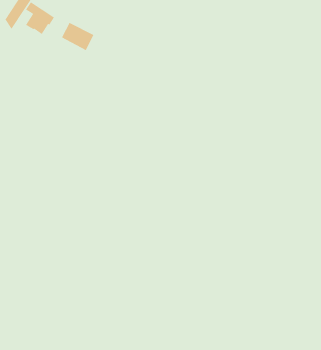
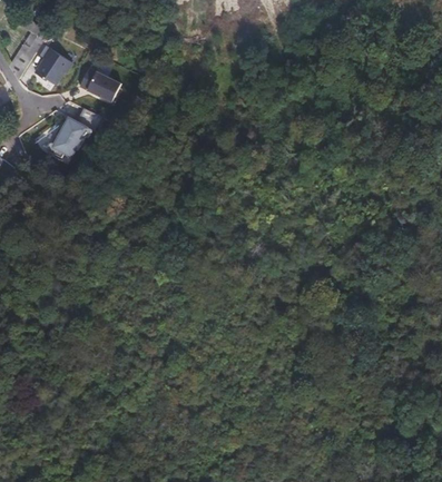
building: none -> [50,109,98,158]

